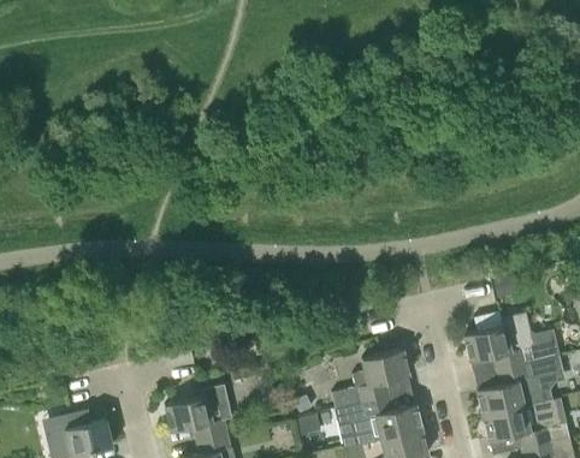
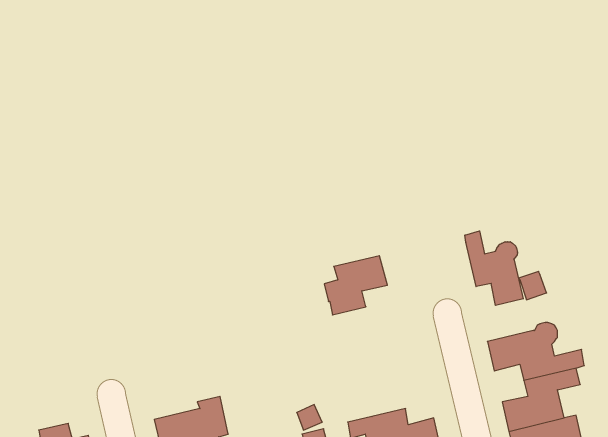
building: none -> [465,231,523,305]
building: [354,351,410,404] -> [324,256,387,315]

